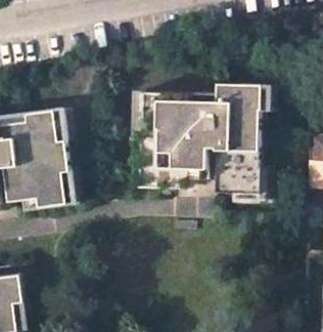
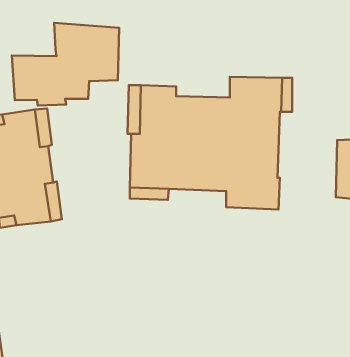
building: none -> [12,23,119,106]

